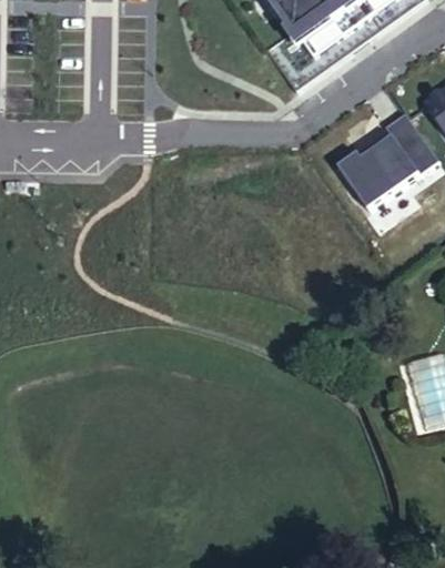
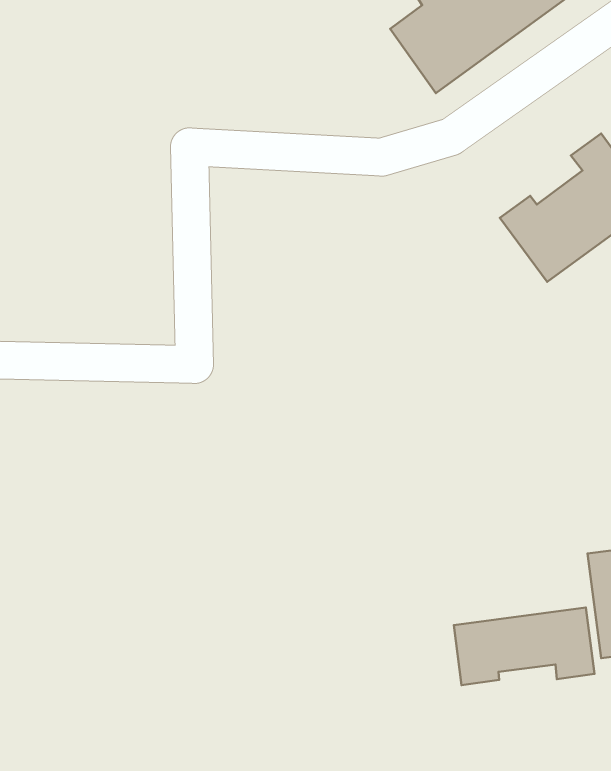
building: none -> [454,608,594,685]

